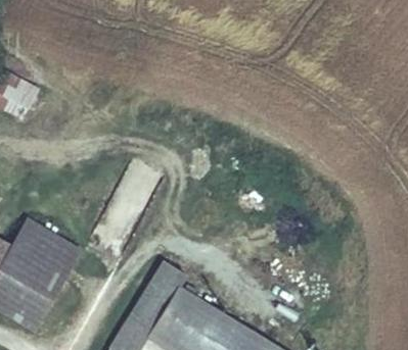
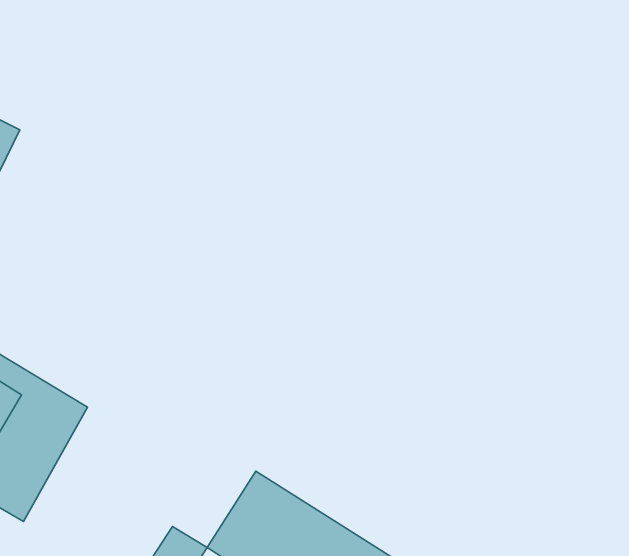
building: [128,260,186,332] -> none

